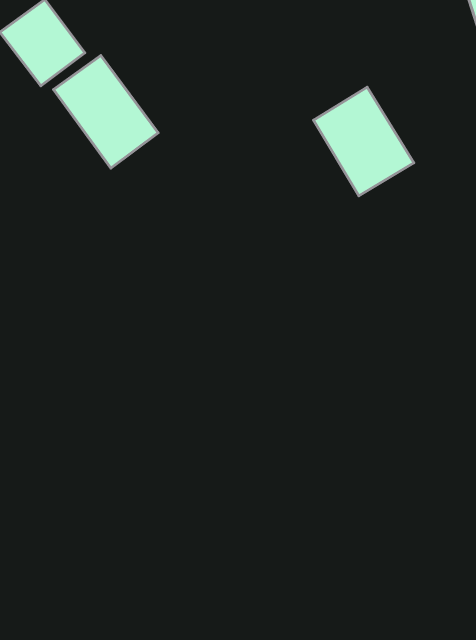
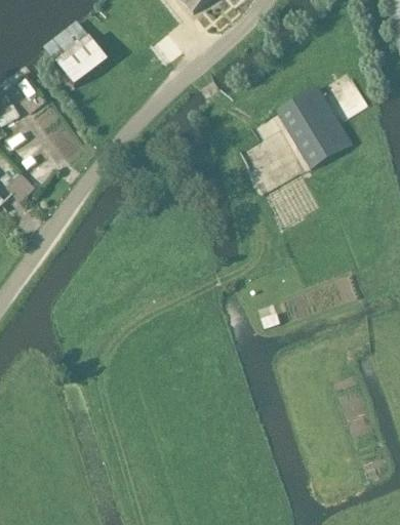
building: [54,55,158,168] -> none

